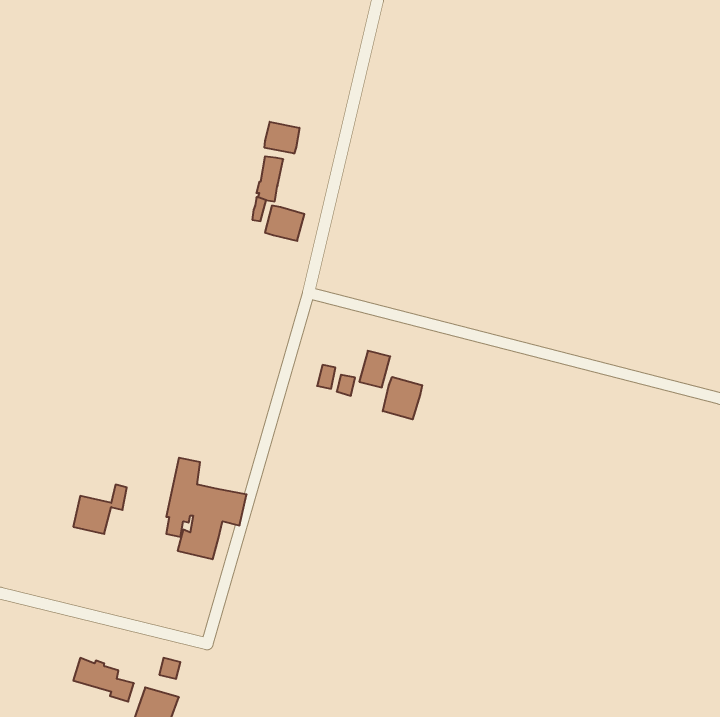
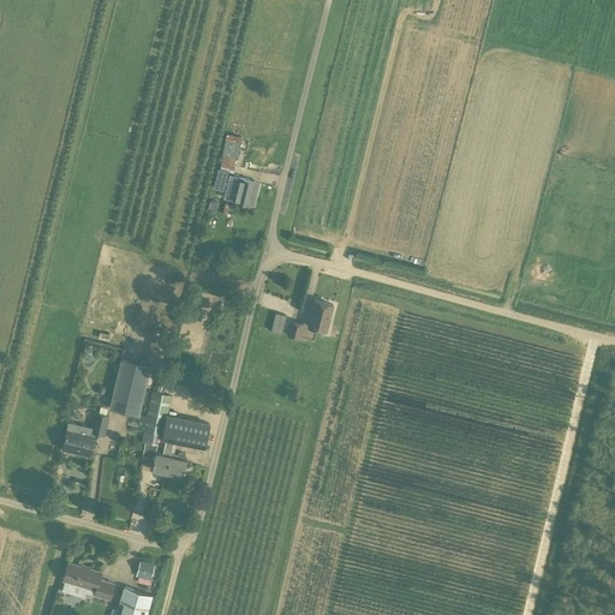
building: [265,122,299,154] -> none
building: [383,377,422,419] -> none
building: none -> [108,360,150,417]

